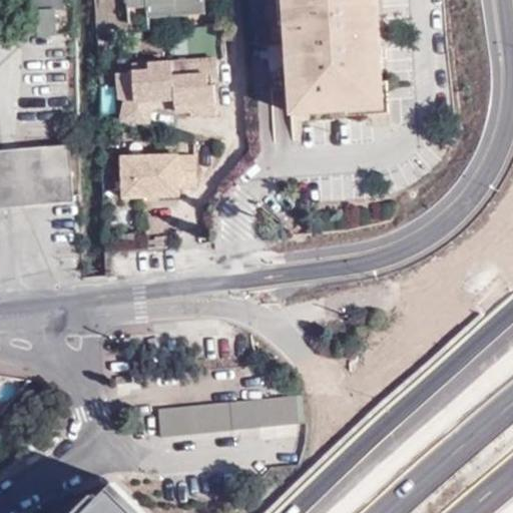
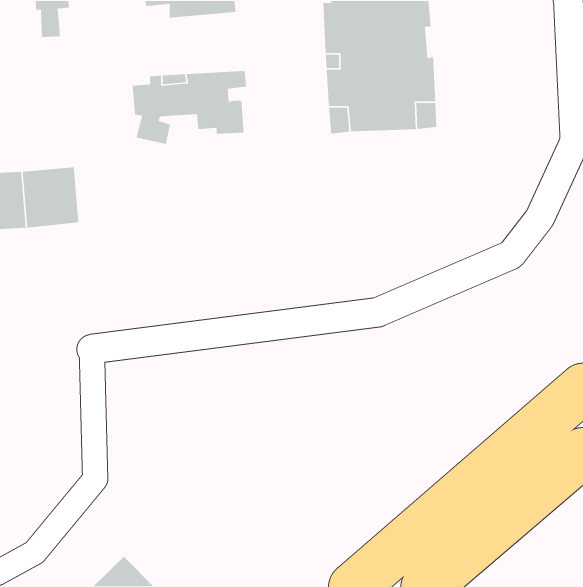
building: [119,154,192,195] -> none
building: [155,394,303,436] -> none

